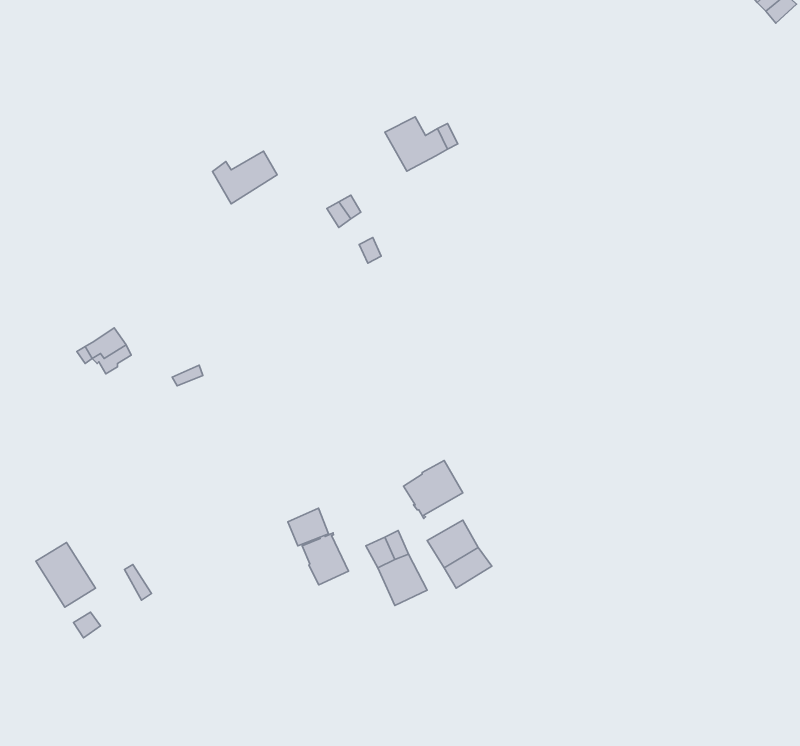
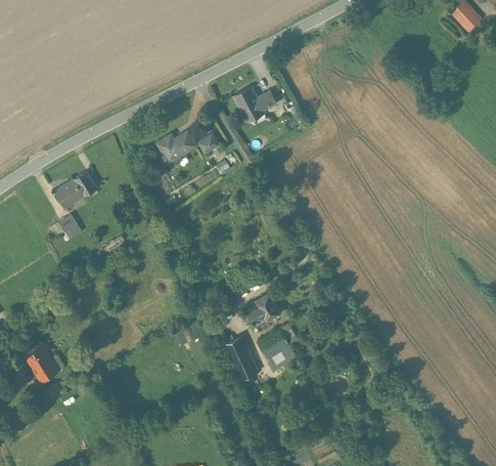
building: [212,151,277,204] -> [157,131,196,163]
building: none -> [54,171,97,209]
building: [302,533,349,585] -> none

